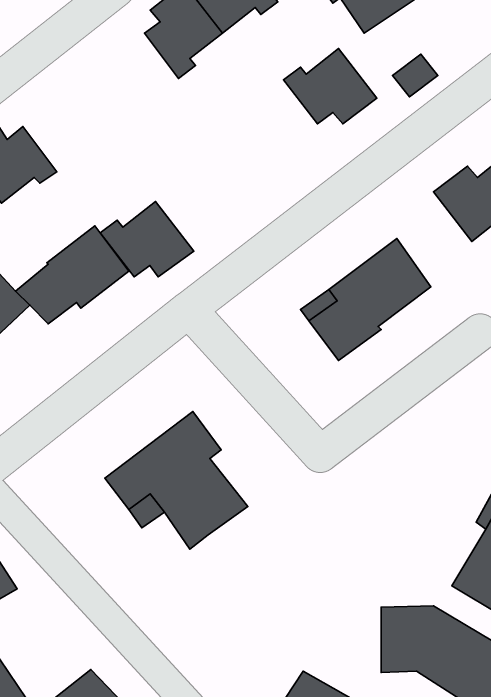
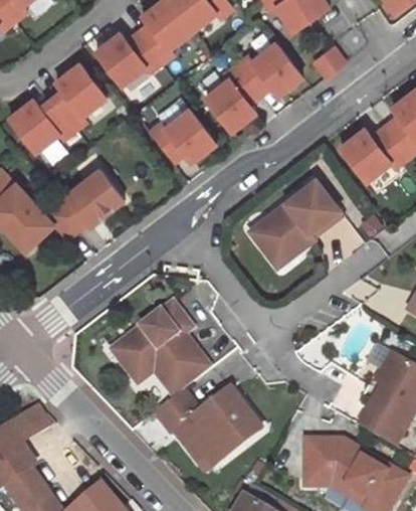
building: none -> [95,32,162,86]
building: none -> [51,63,107,131]
building: none -> [205,65,260,132]
building: [100,202,194,277] -> [150,110,216,163]
building: none -> [152,386,259,463]

